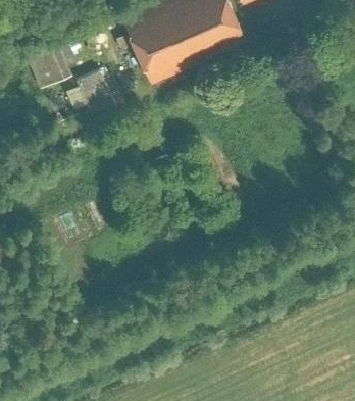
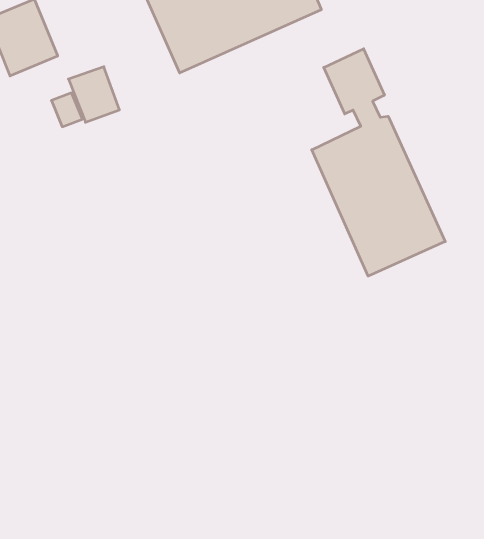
building: none -> [312,49,445,276]

